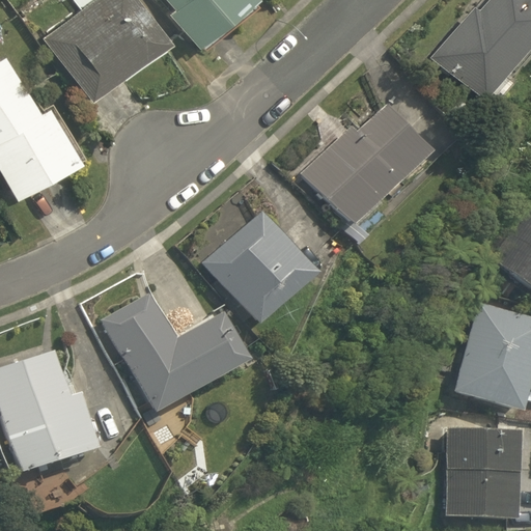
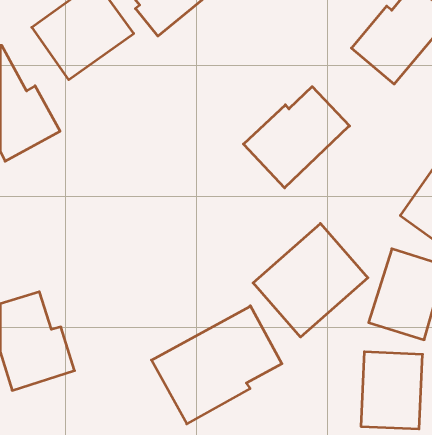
building: [205,213,316,324] -> none
building: none -> [253,223,368,337]
building: [104,294,249,413] -> none
building: none -> [151,306,282,424]

